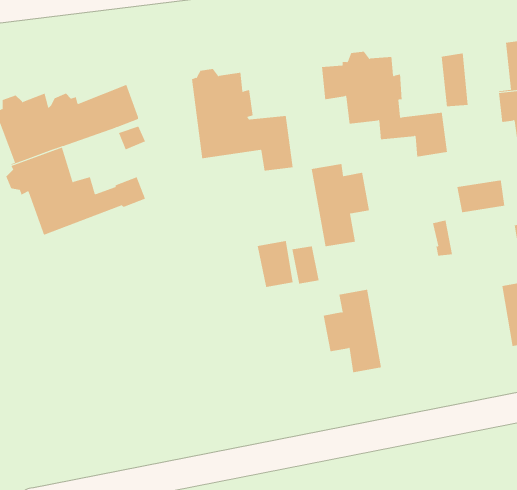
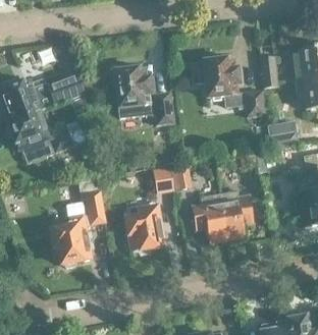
building: [311,164,370,247] -> [219,190,254,239]
building: none -> [52,184,105,266]
building: none -> [126,204,164,253]

